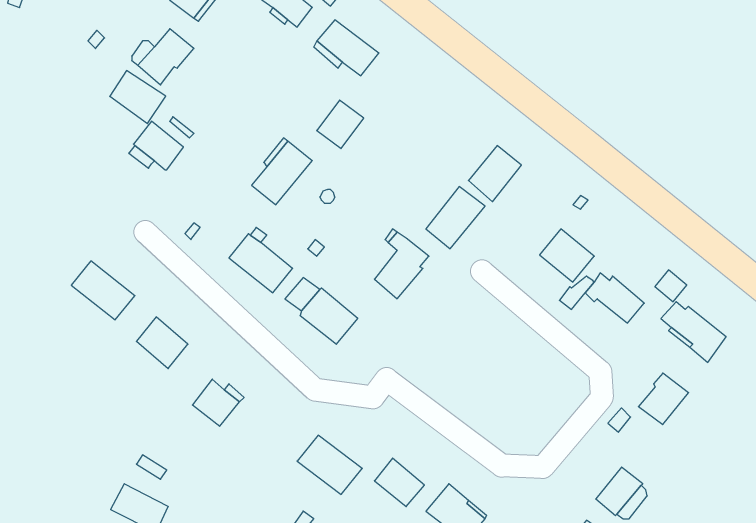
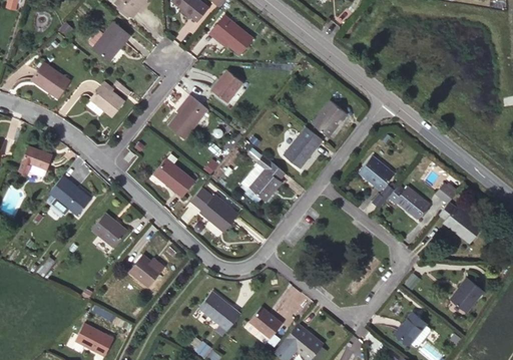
building: [110,71,166,124] -> [32,62,69,97]
building: none -> [19,145,51,175]
building: [638,373,689,425] -> [450,277,483,311]

